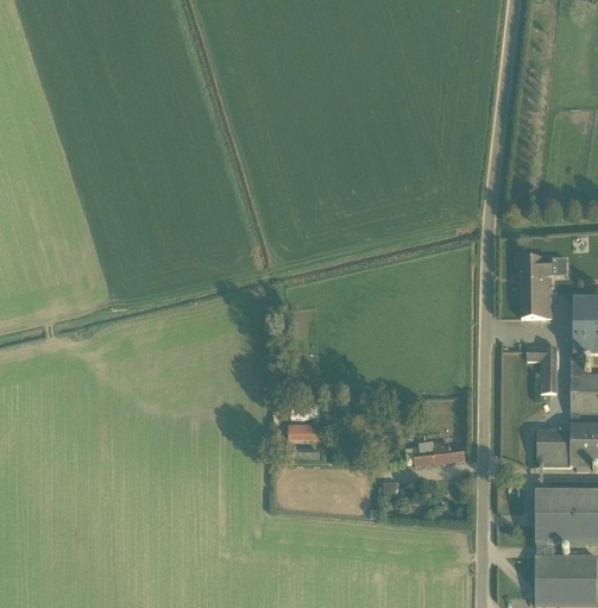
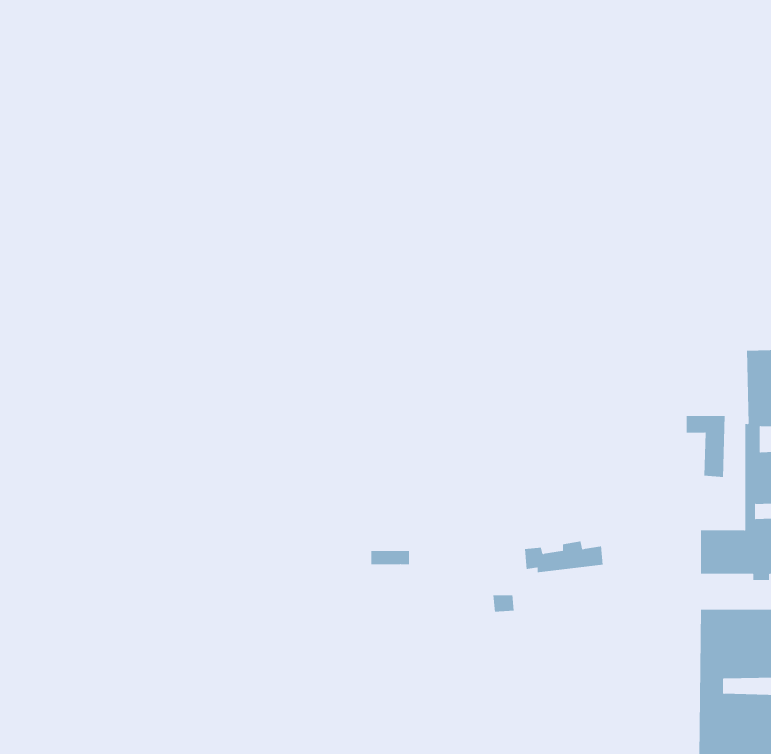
building: [521,256,552,316] -> none
building: [289,421,321,438] -> none

